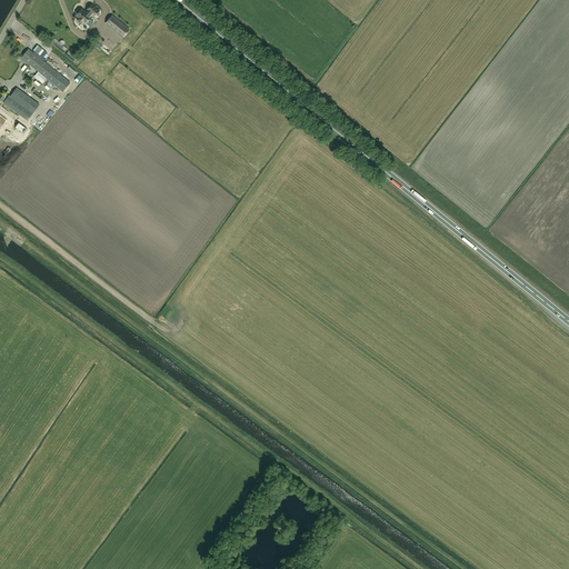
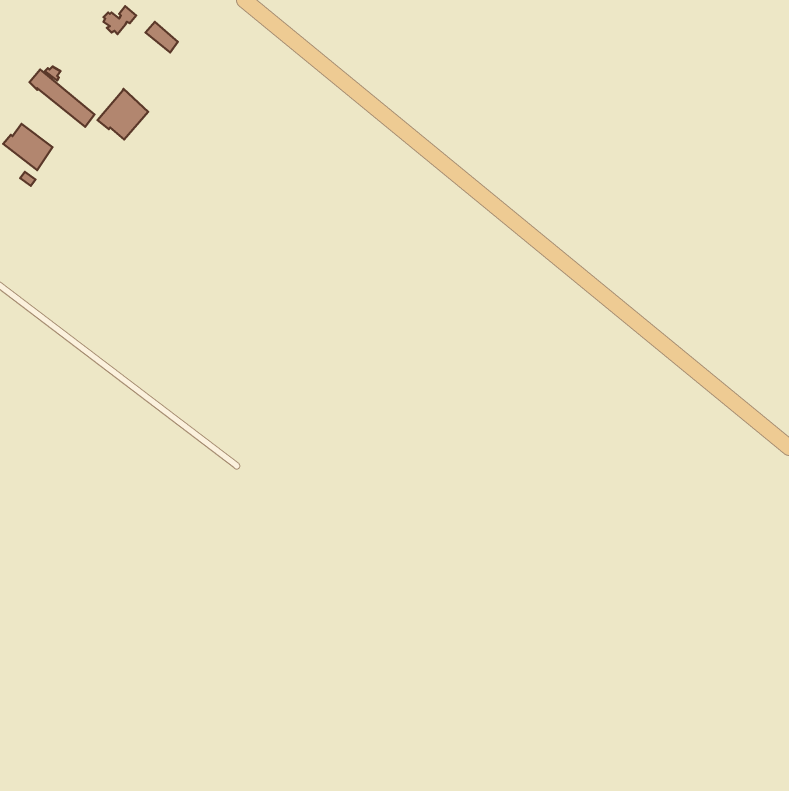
building: none -> [97,89,148,139]

